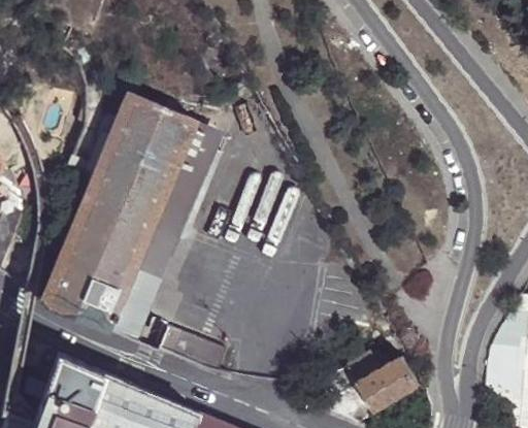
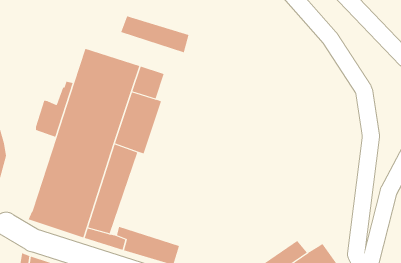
building: none -> [121,16,189,53]

